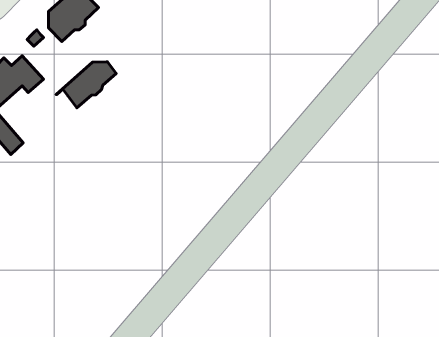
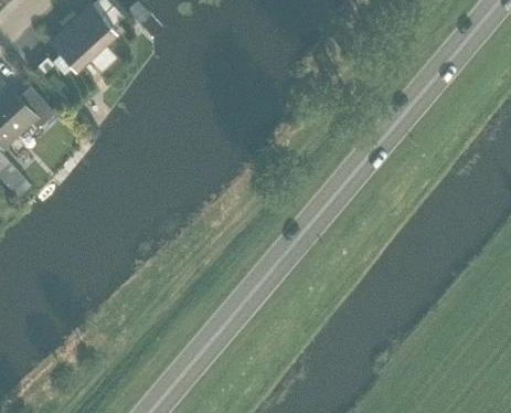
building: [56,62,116,108] -> none

